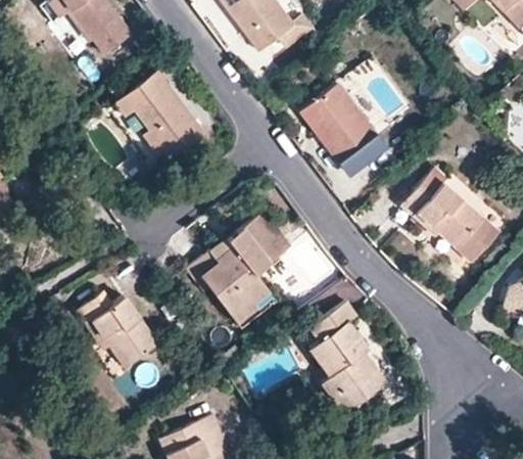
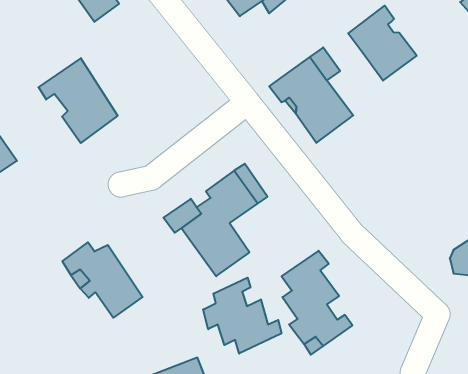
building: none -> [348,6,417,81]
building: [118,67,204,159] -> [38,58,118,143]
building: [395,179,493,268] -> none
building: none -> [203,278,281,354]

